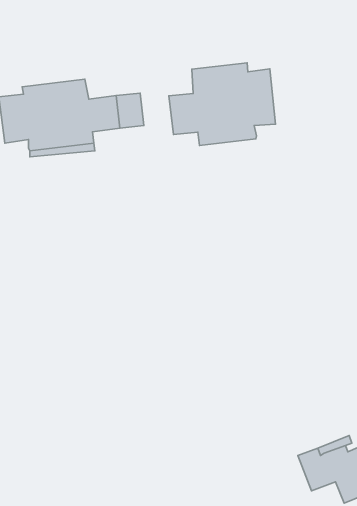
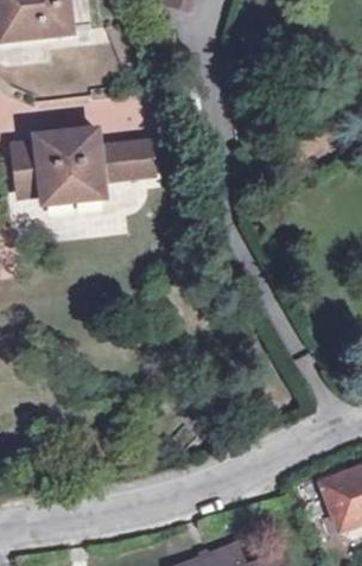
building: [169,63,276,146] -> none

